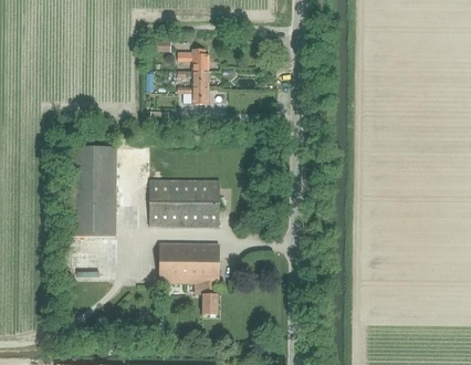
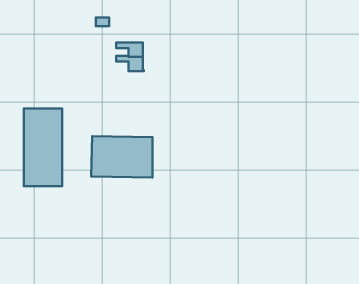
building: [177,49,208,70] -> none
building: [159,242,218,313] -> none

